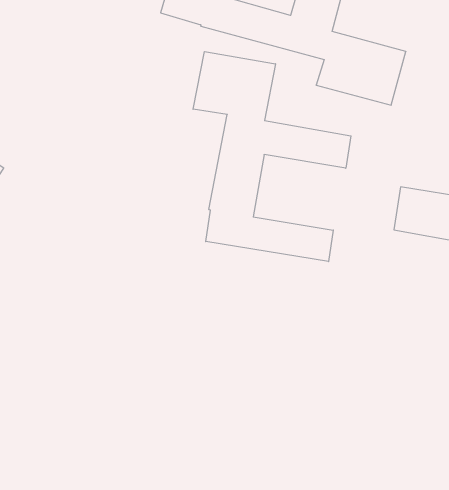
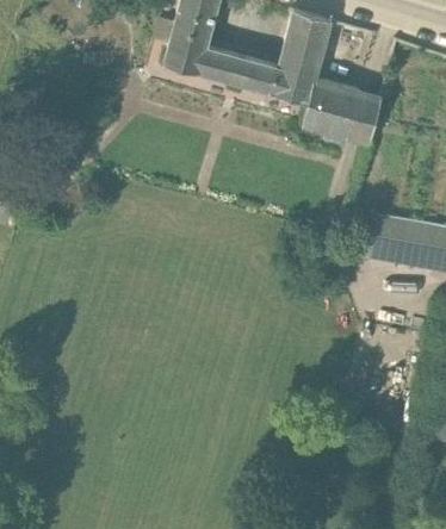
building: [193,52,351,262] -> none

